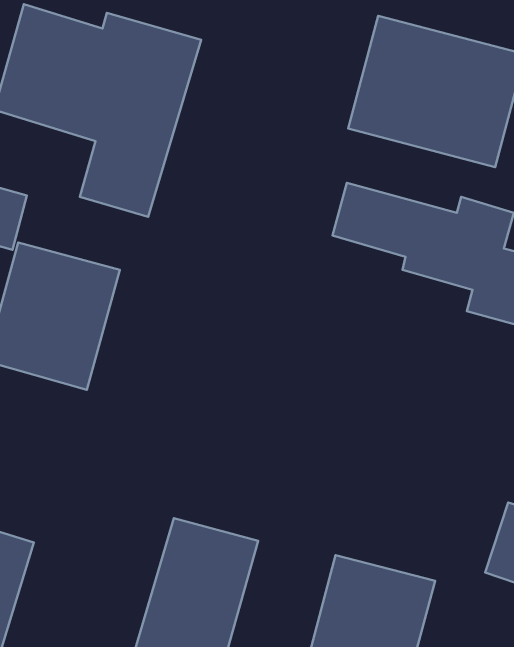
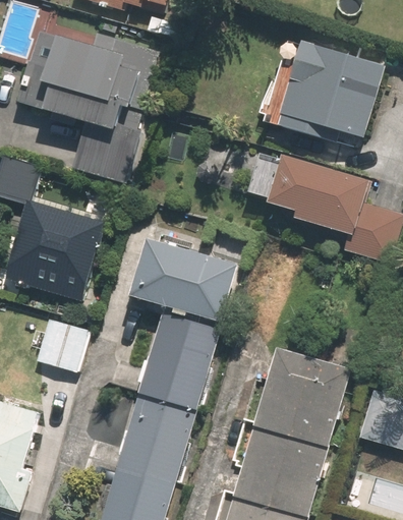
building: none -> [137,238,244,322]
building: none -> [36,309,81,368]
building: none -> [145,315,221,403]
building: none -> [253,346,344,441]

